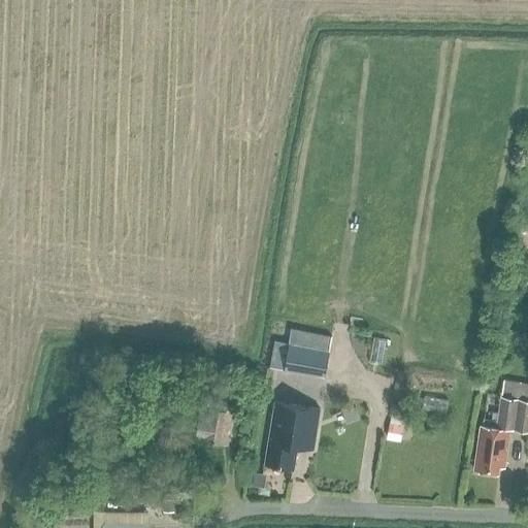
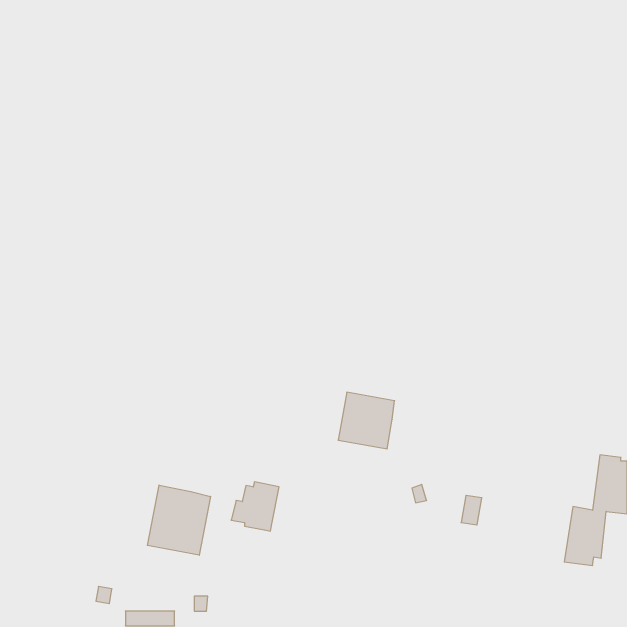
building: [264,403,319,469] -> none
building: none -> [147,485,211,555]

